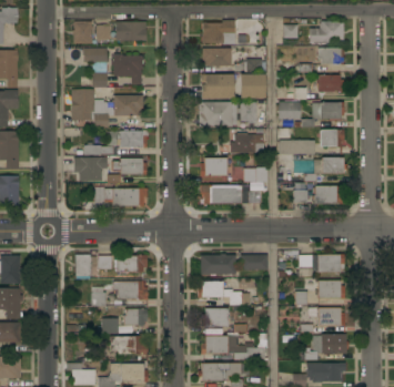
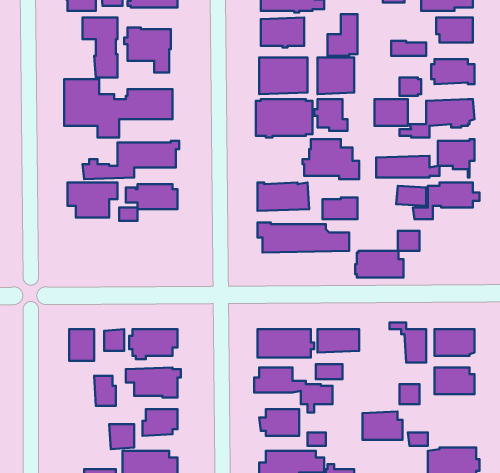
building: [94,186,147,206] -> none
building: [312,186,344,204] -> [355,251,403,277]
building: [317,307,344,326] -> [362,411,402,440]

